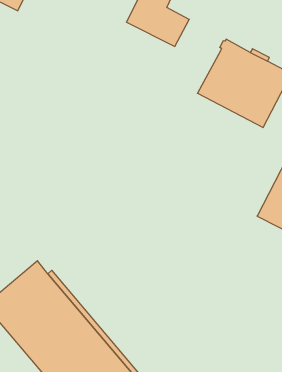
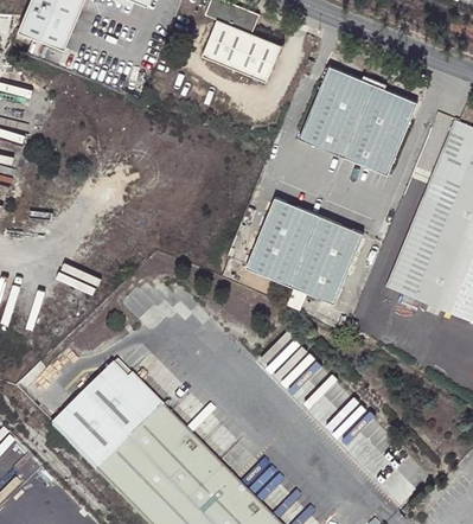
building: none -> [244,197,360,302]

